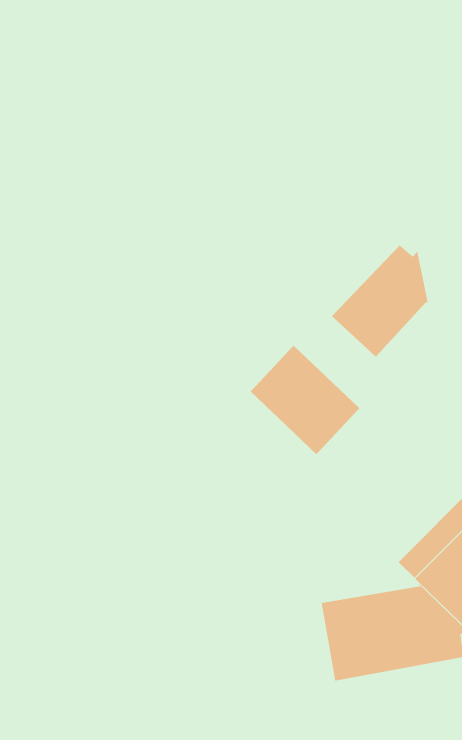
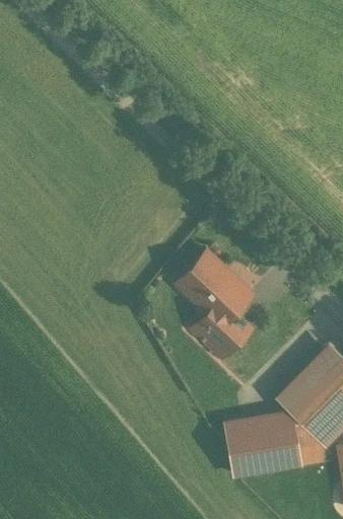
building: [331,244,429,358] -> none
building: none -> [191,306,241,360]

